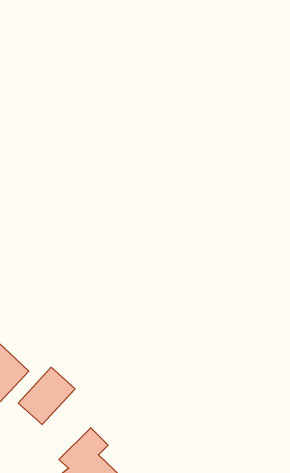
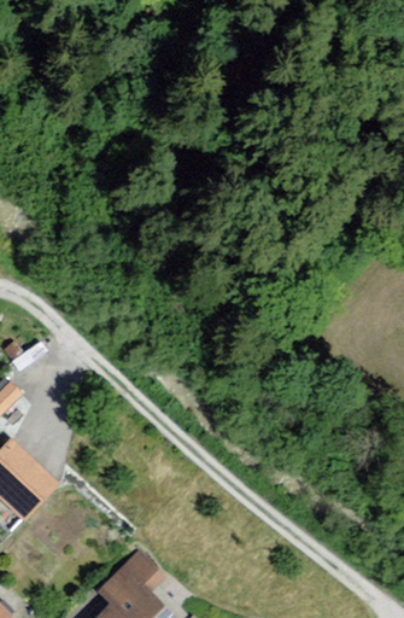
building: [18,367,75,425] -> none

